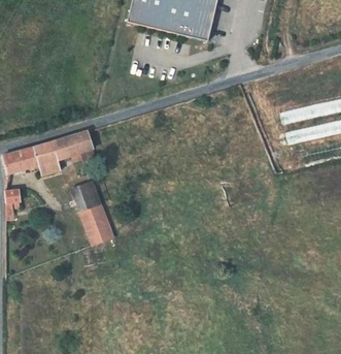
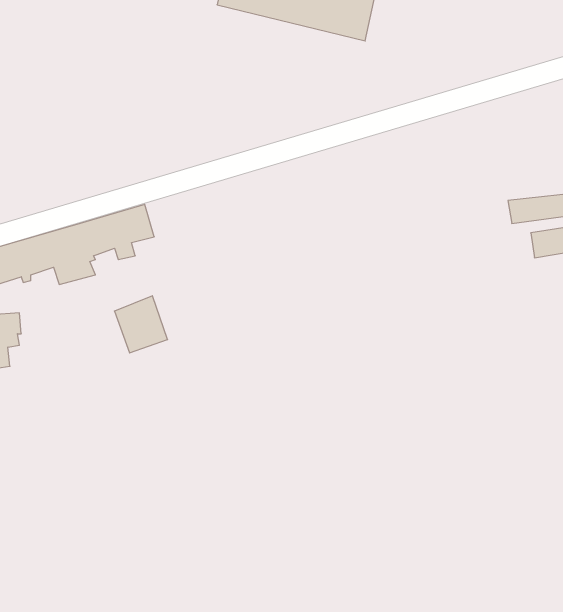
building: [79,203,112,244] -> none

